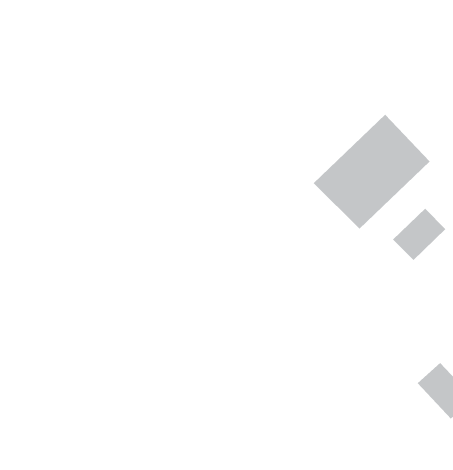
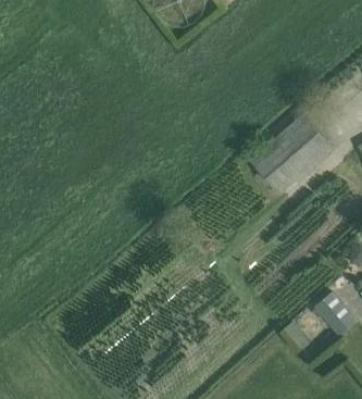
building: [392,208,446,261] -> none

